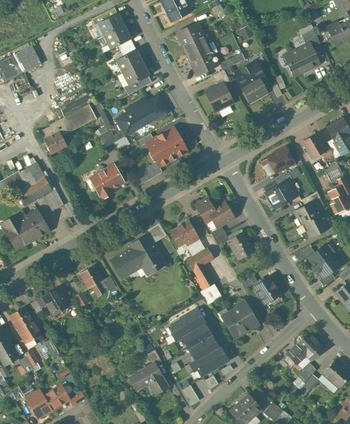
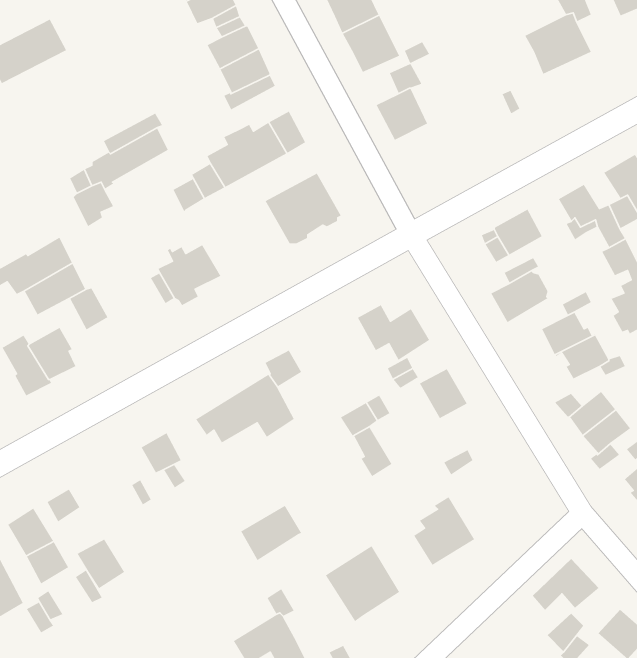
building: [235,63,268,102] -> none
building: [170,220,199,246] -> none
building: [254,277,280,304] -> none
building: [42,288,68,315] -> [76,538,125,589]
building: [172,310,205,340] -> [240,505,302,561]
building: [198,349,230,378] -> none

